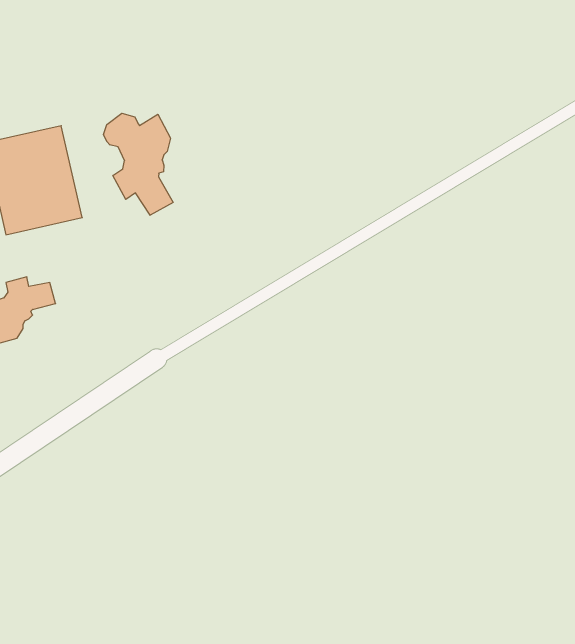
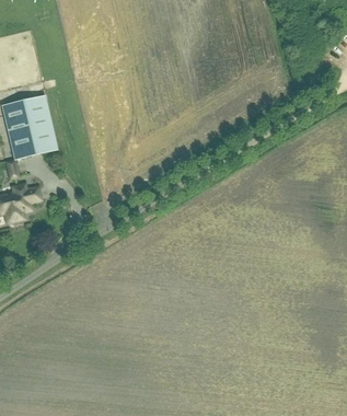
building: [104,113,173,215] -> none

